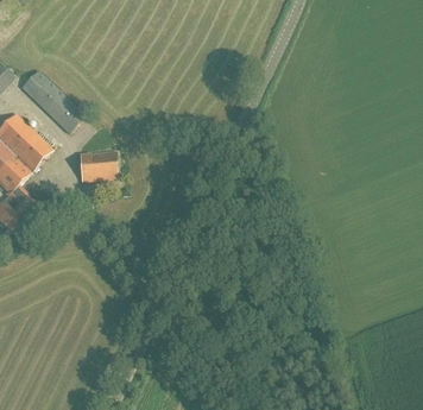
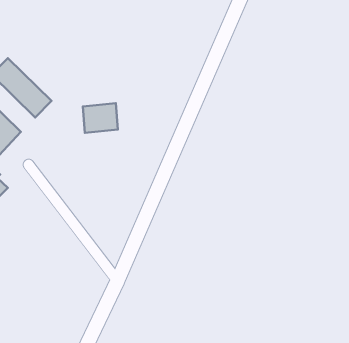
building: [80,149,118,181] -> [83,103,118,133]

